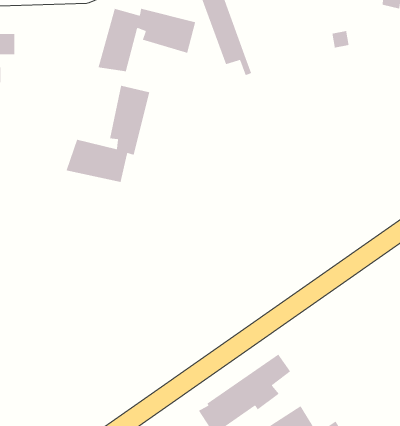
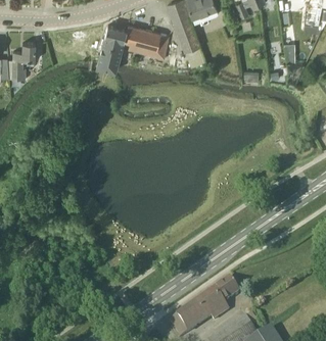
building: [66,85,150,183] -> none

